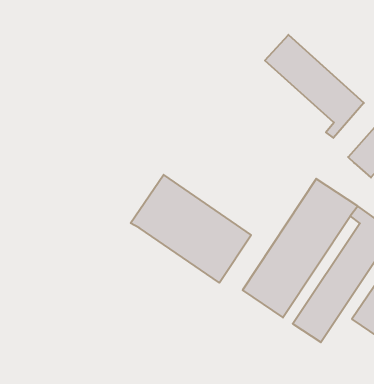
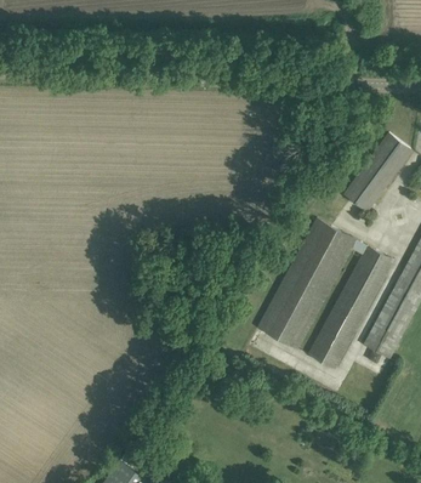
building: [265,35,364,138] -> none
building: [131,175,251,283] -> none

